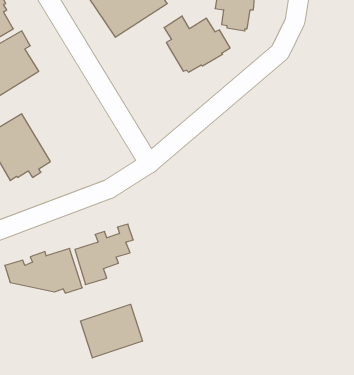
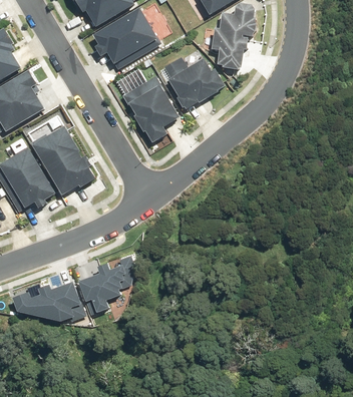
building: none -> [120,74,179,141]
building: none -> [30,125,95,194]
building: [80,304,142,358] -> none

